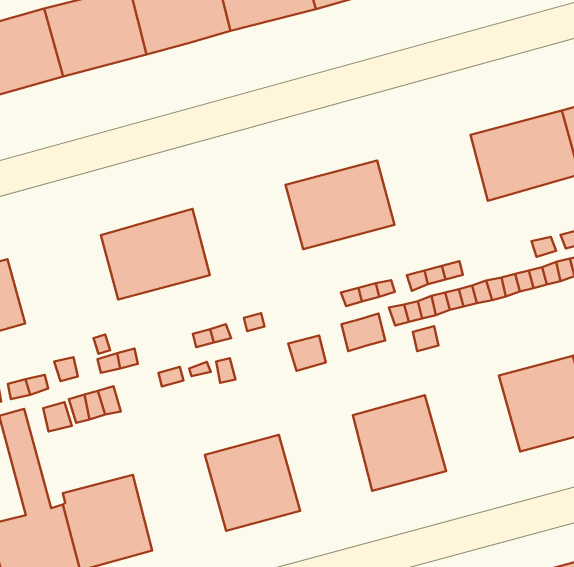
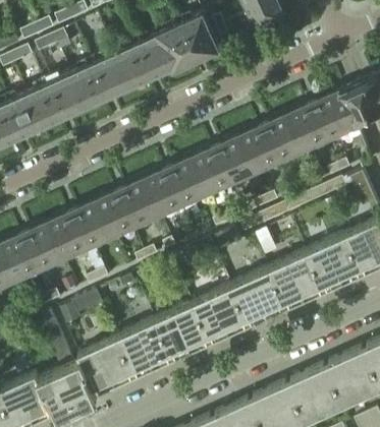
building: none -> [221,122,285,178]
building: none -> [124,166,188,222]
building: none -> [28,209,92,264]
building: none -> [268,251,325,308]
building: none -> [192,286,248,343]
building: none -> [115,320,171,377]

